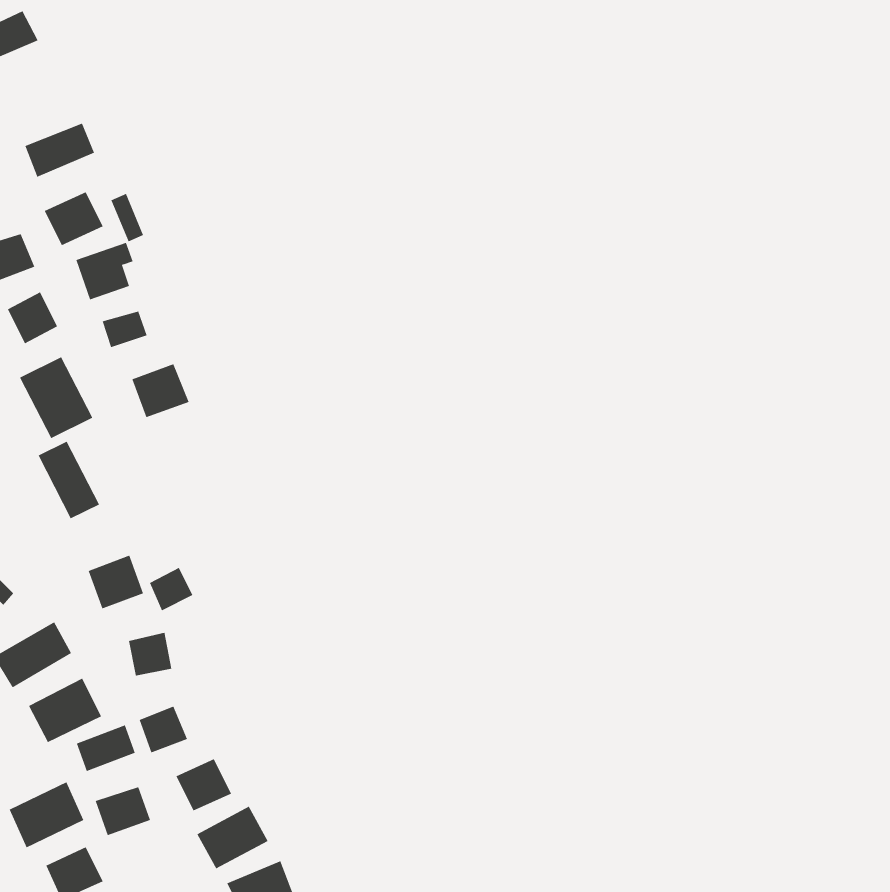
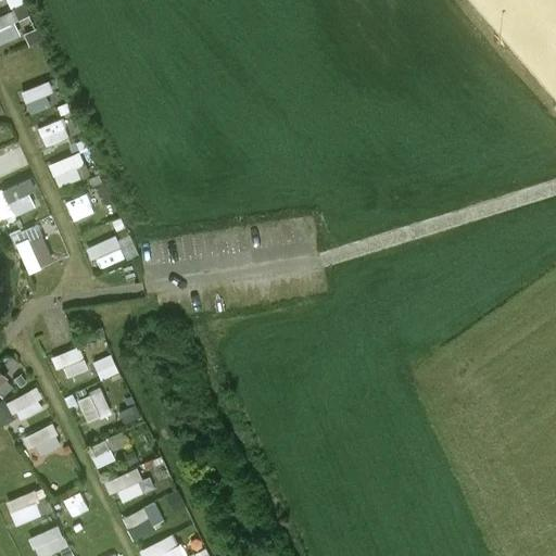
building: [38,441,100,519] -> none
building: [76,724,136,772] -> none

